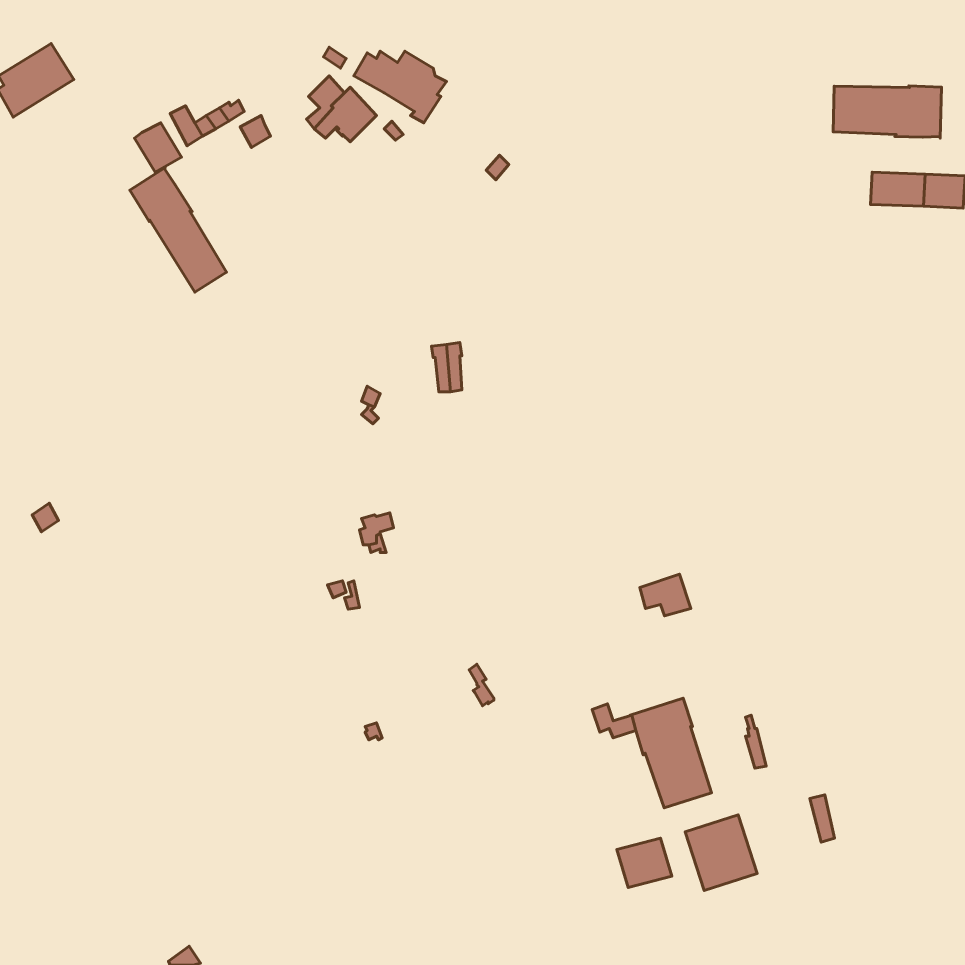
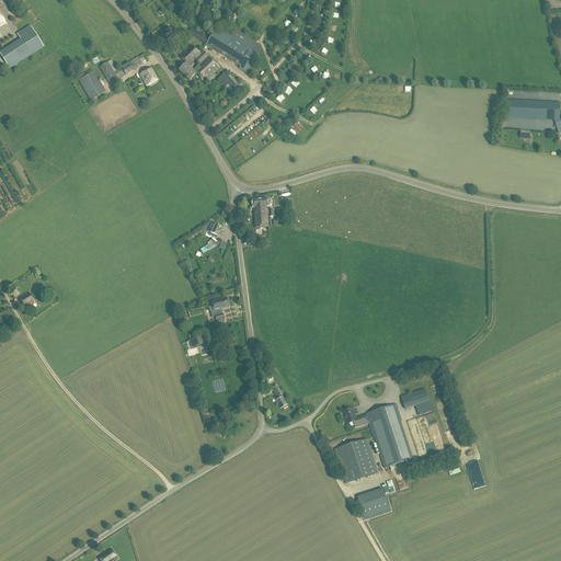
building: [833,86,941,138] -> none
building: [130,168,227,292] -> none
building: [640,574,691,616] -> [401,389,431,413]
building: [685,815,757,891] -> [335,439,377,483]

